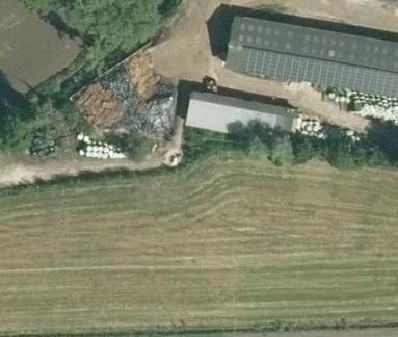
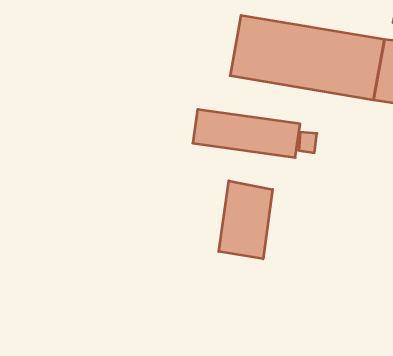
building: none -> [219,181,273,259]

